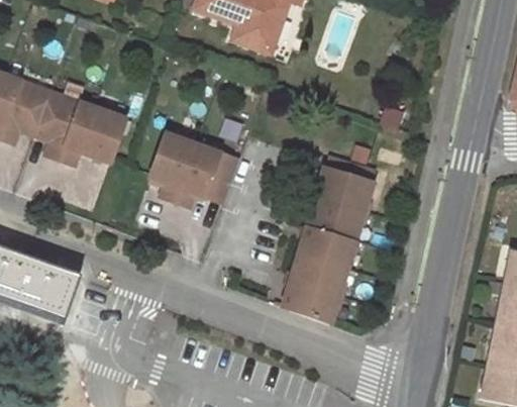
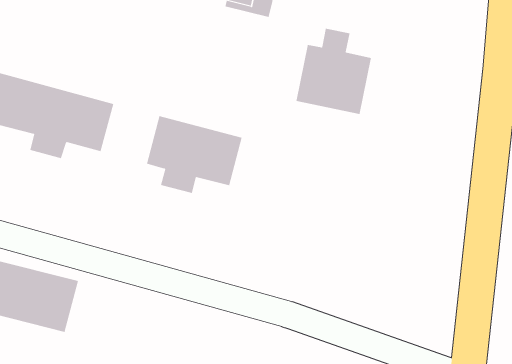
building: none -> [296,28,372,115]
building: [283,156,375,323] -> none

